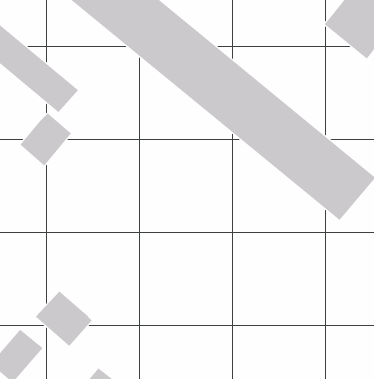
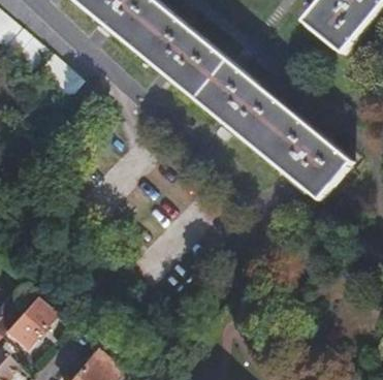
building: [20,113,72,167] -> none
building: [35,290,93,347] -> none

